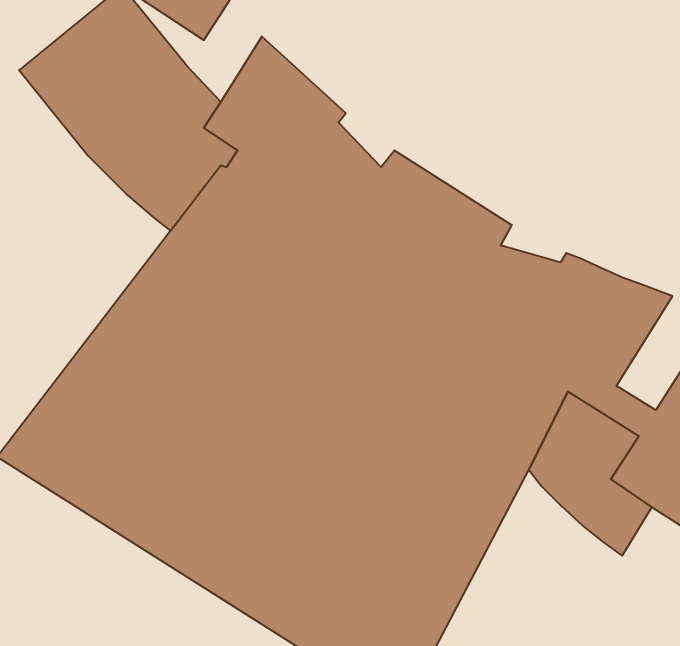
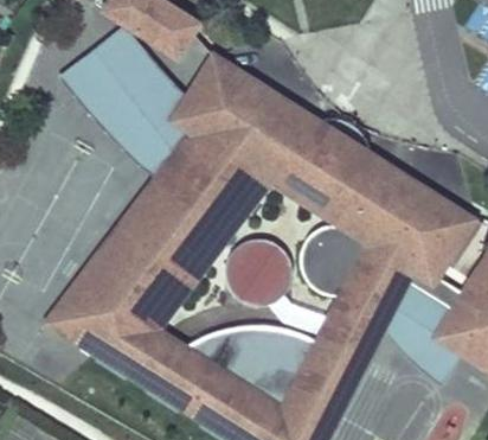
building: none -> [213,51,474,216]

